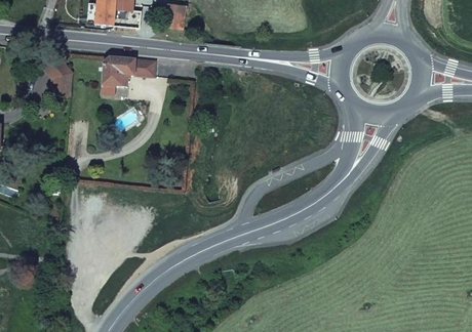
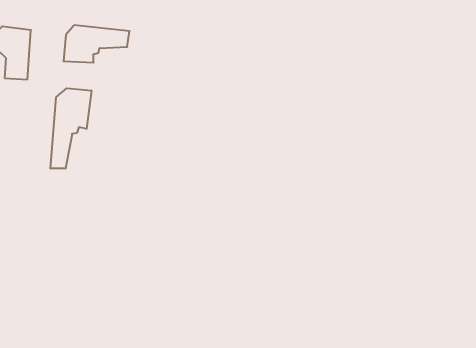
building: none -> [51,88,91,169]

